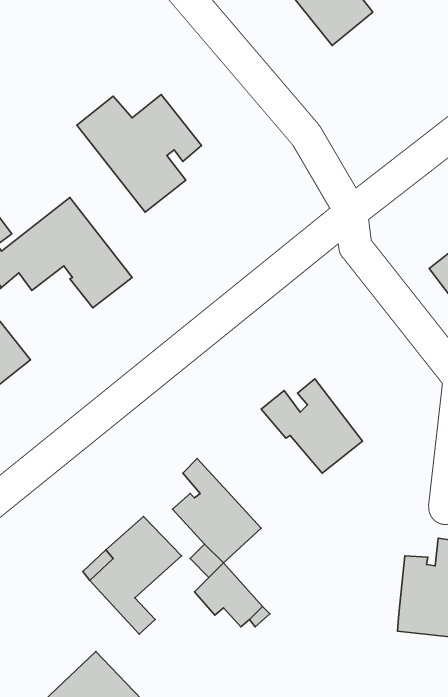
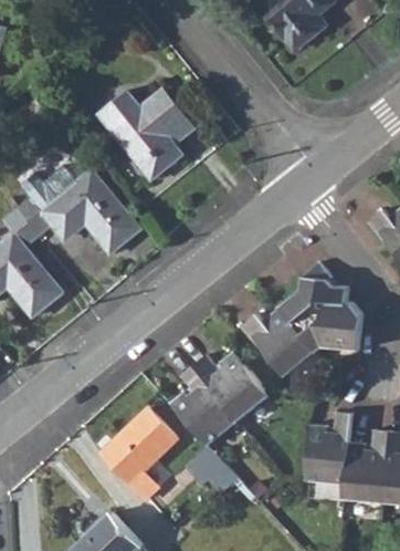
building: none -> [278,276,361,353]
building: none -> [189,351,267,419]
building: none -> [303,409,350,485]

